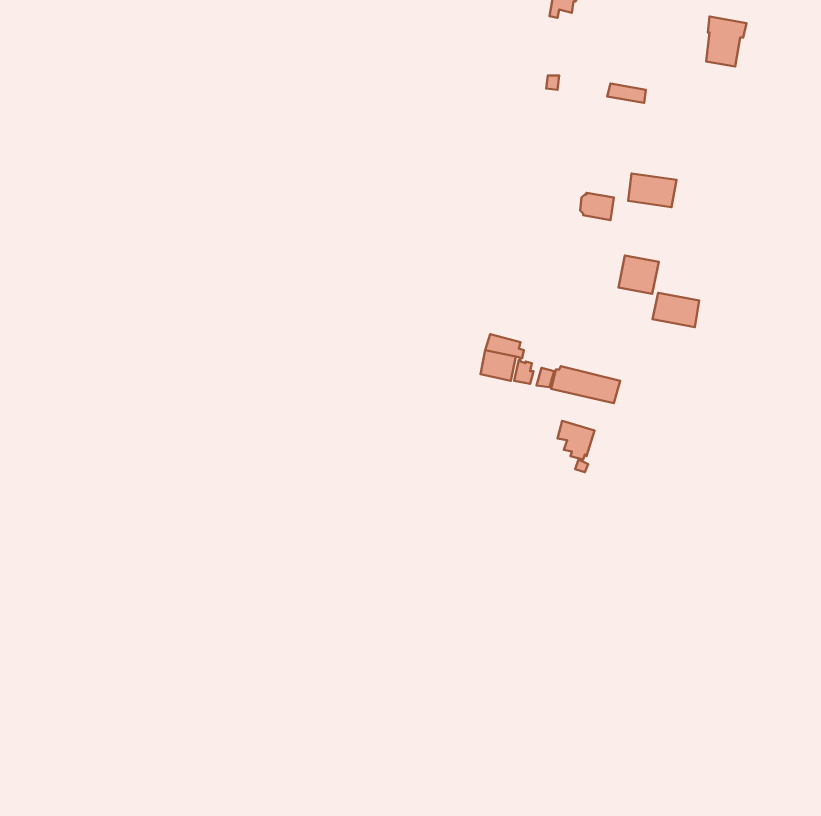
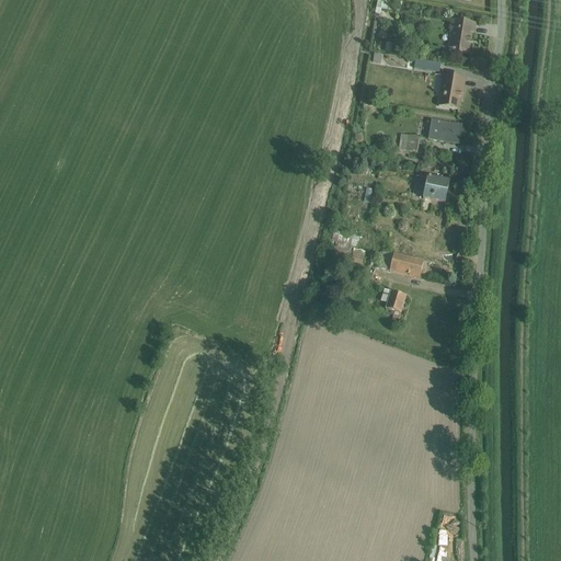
building: [706,17,746,66] -> [448,16,476,50]
building: none -> [437,72,465,107]
building: [652,293,699,327] -> none

